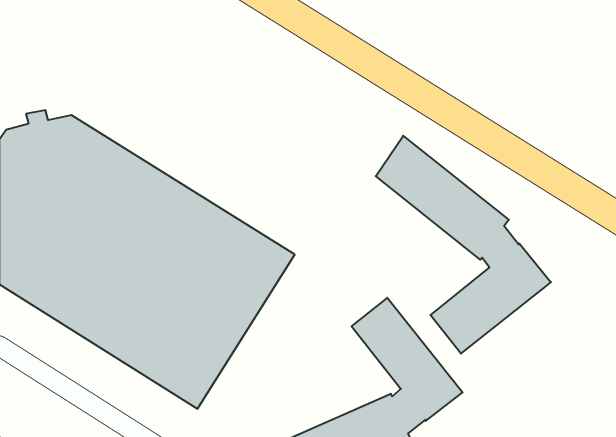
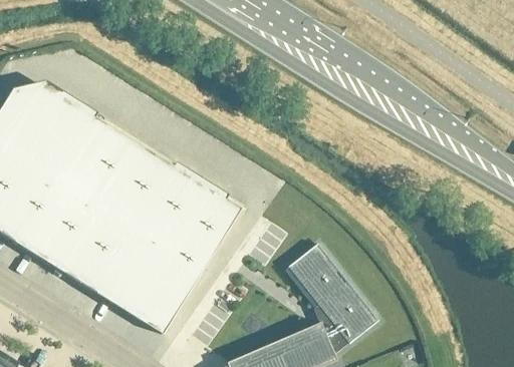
building: [376,136,551,354] -> none

